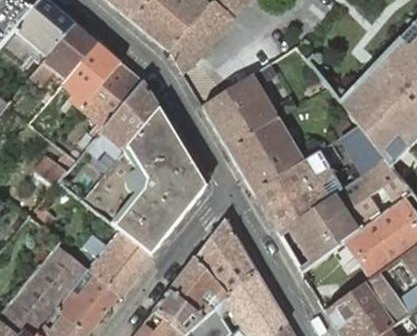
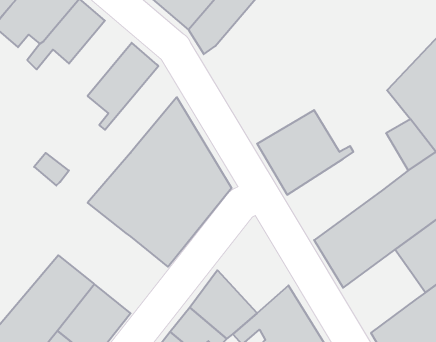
building: [64,43,121,108] -> none
building: [204,64,297,149] -> none
building: [88,82,160,157] -> none
building: [255,148,337,232] -> none
building: [195,219,256,295] -> none
building: [88,229,152,295] -> none

